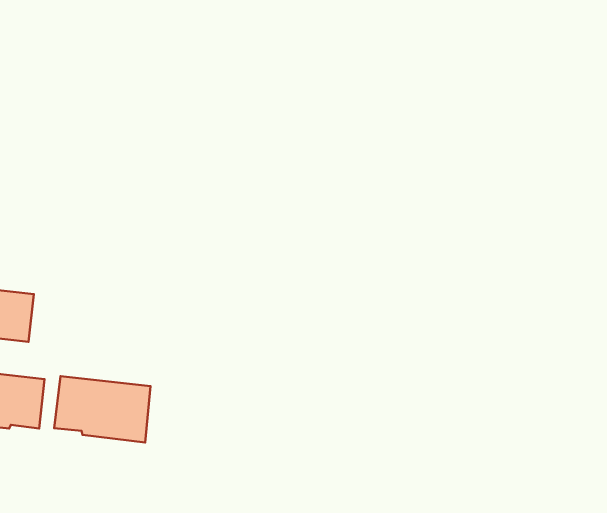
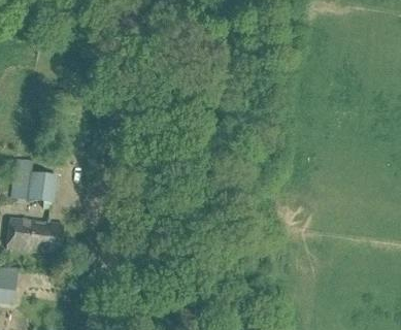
building: [54,376,151,442] -> none

